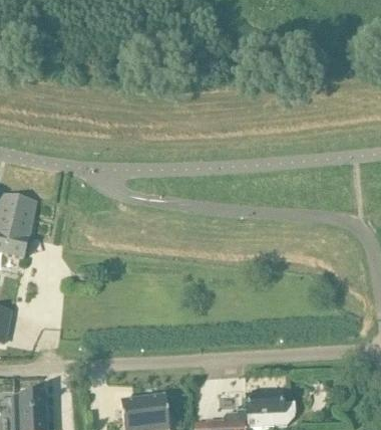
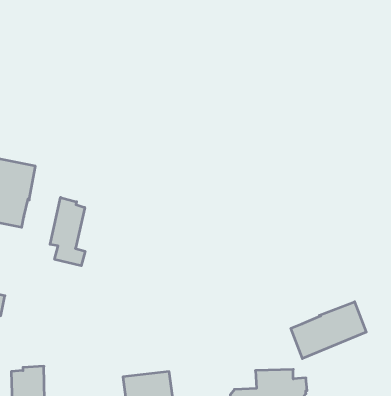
building: none -> [50,197,85,266]
building: none -> [291,302,366,359]

